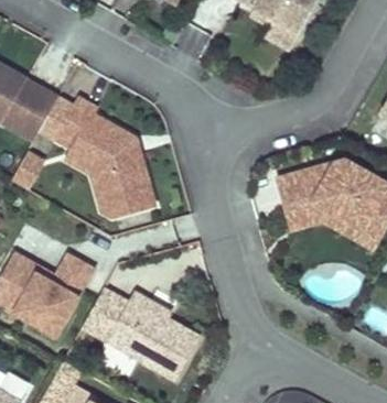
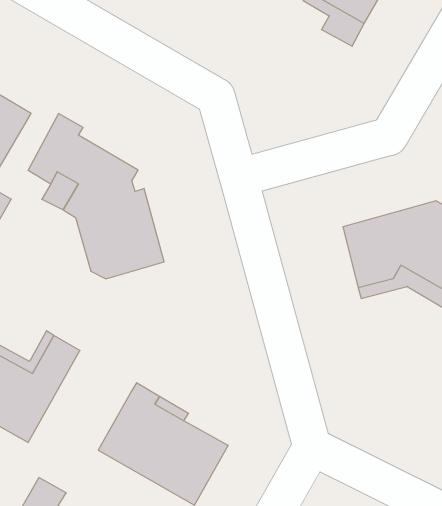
building: [82,282,130,338] -> none

